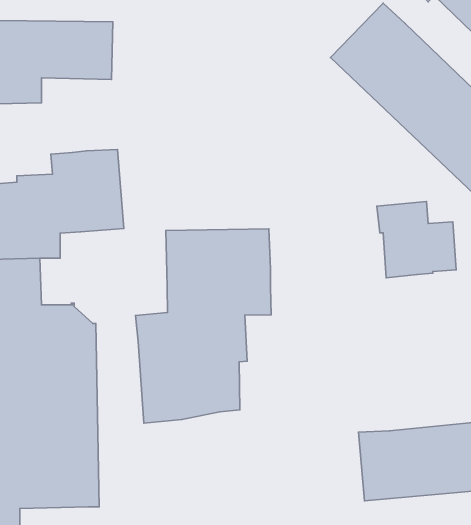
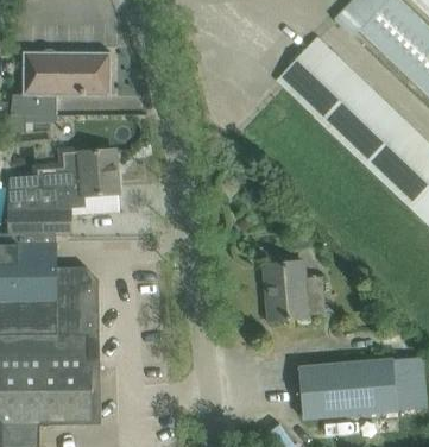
building: [377,202,456,278] -> [265,260,326,319]
building: [136,229,271,423] -> none

